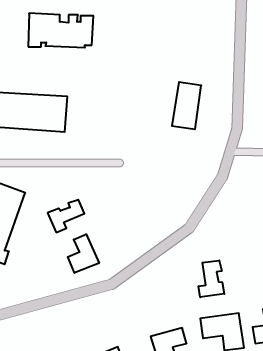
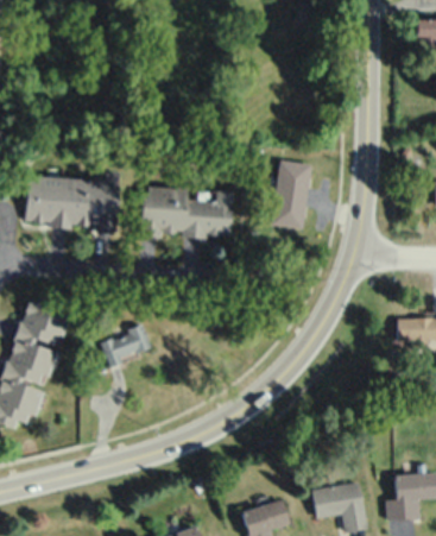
building: [28,13,93,48] -> [143,189,233,237]
building: [68,234,99,273] -> none
building: [199,260,224,297] -> none

